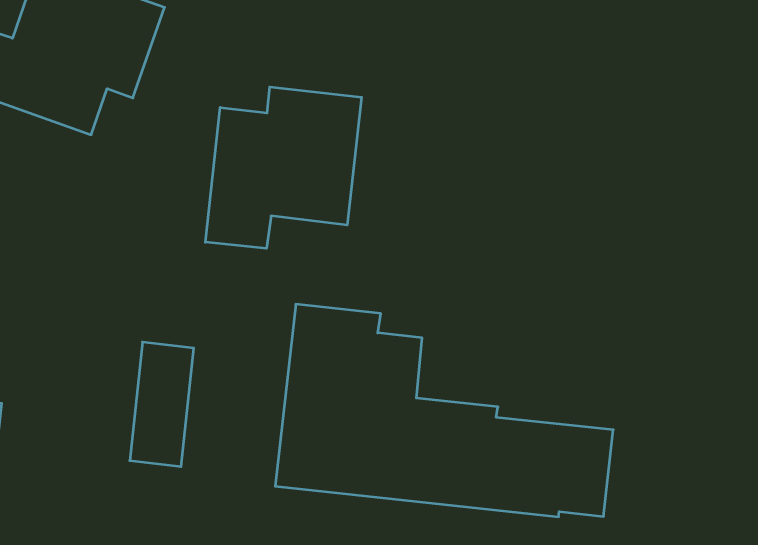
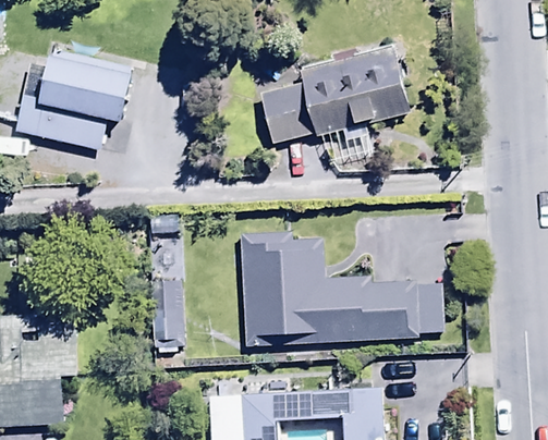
building: none -> [260,44,409,143]
building: [205,87,362,248] -> none

